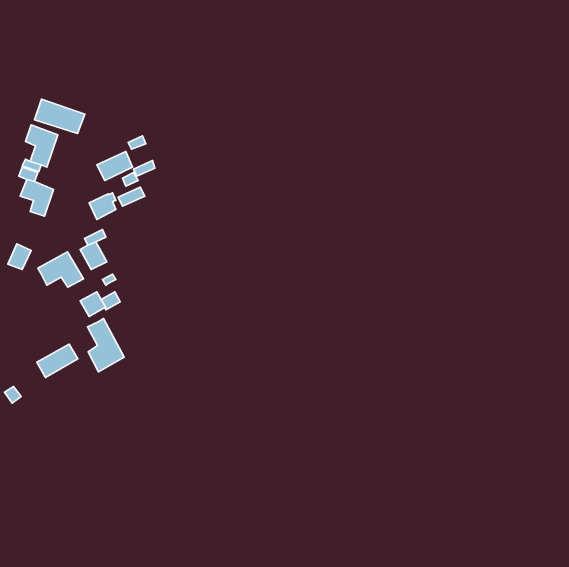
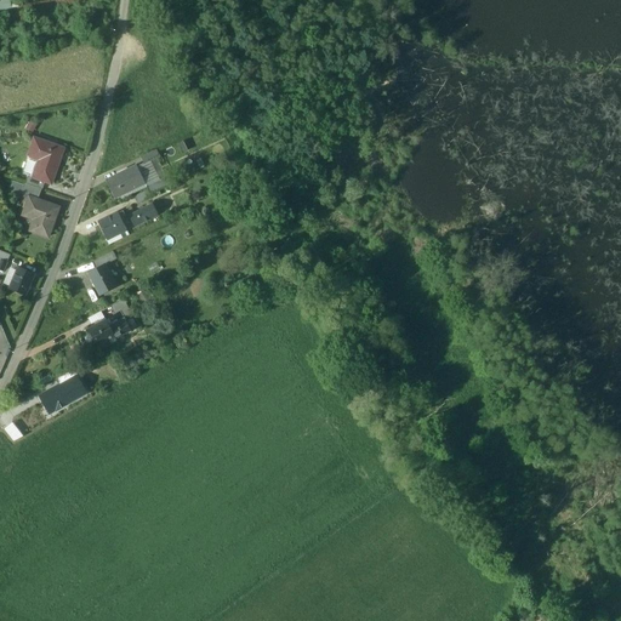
building: [35,99,85,134] -> none
building: [38,252,83,287] -> none
building: [87,319,124,372] -> none

